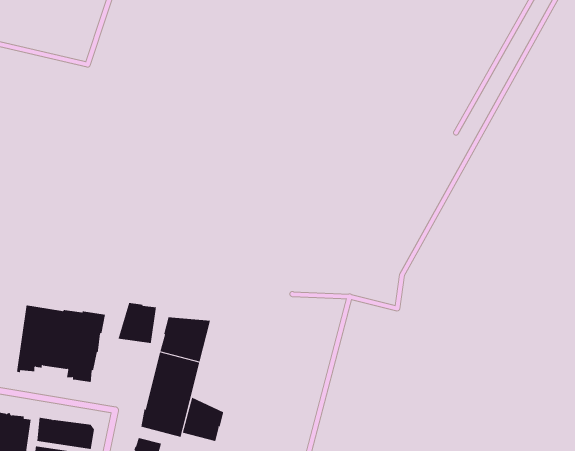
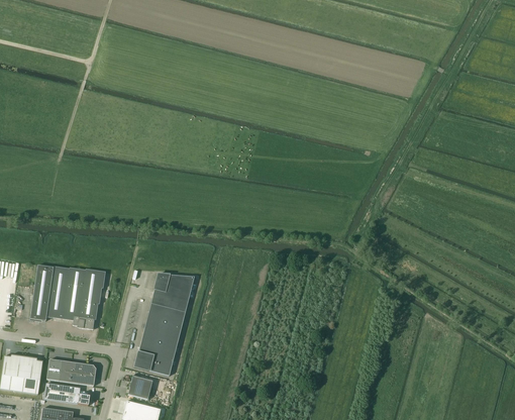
building: [118,302,156,344] -> none
building: [182,397,224,442] -> none

